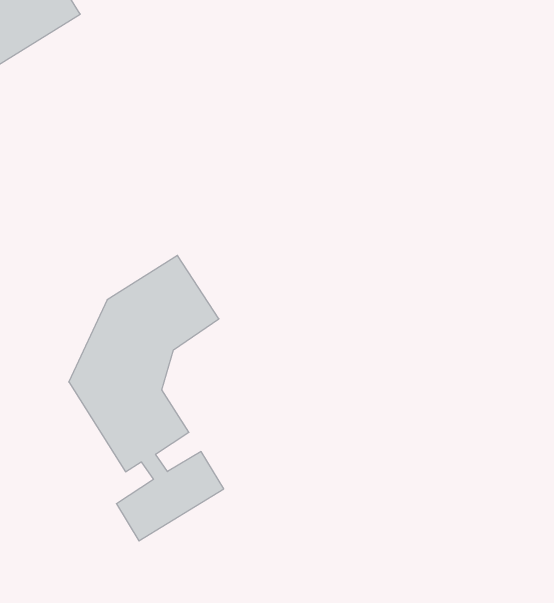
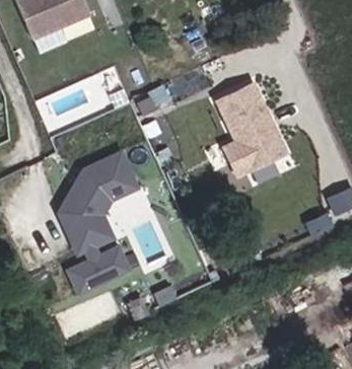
building: none -> [217,83,287,169]

